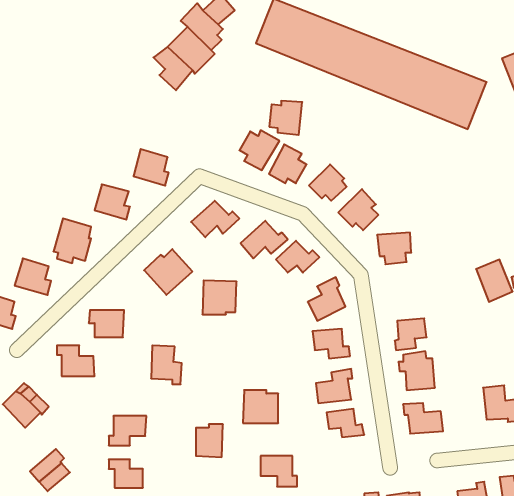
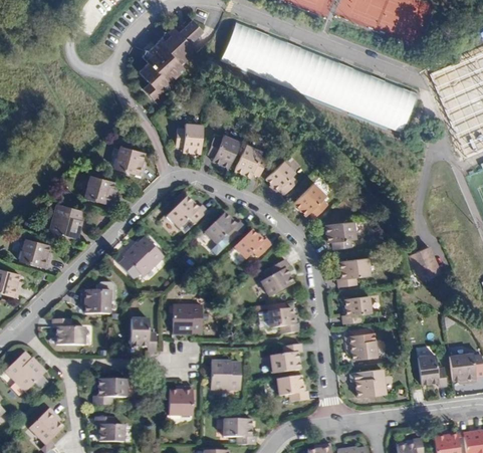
building: [269,101,302,135] -> [179,127,207,156]
building: none -> [333,258,365,286]
building: [202,280,237,314] -> [174,304,203,333]

